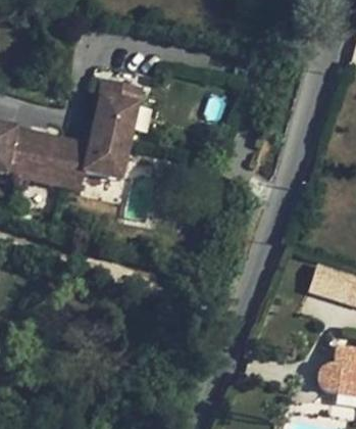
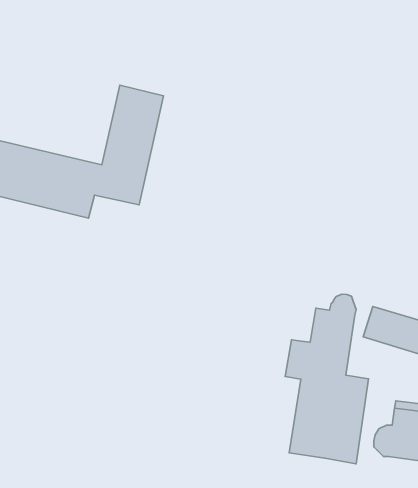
building: none -> [285,294,368,464]

